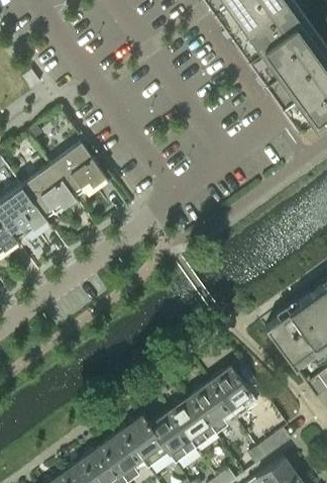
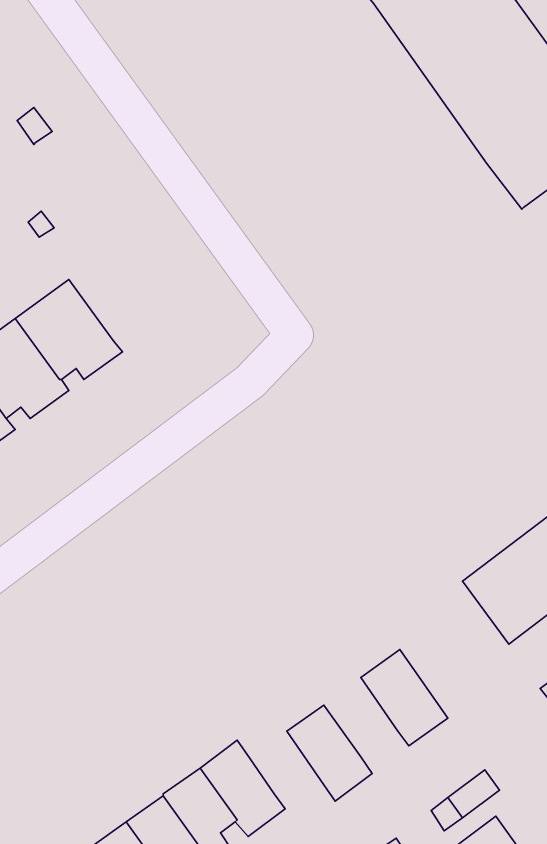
building: [51,140,110,196] -> none
building: [191,380,231,432] -> none
building: [150,409,191,462] -> none

